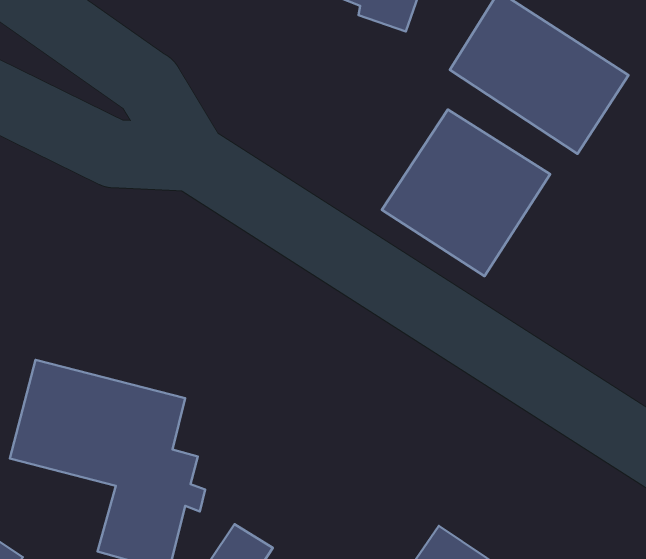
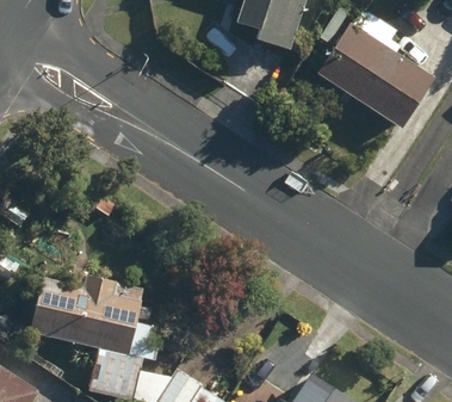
building: [382,110,550,276] -> none

